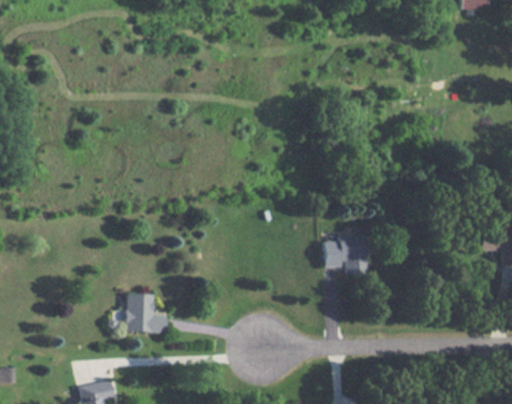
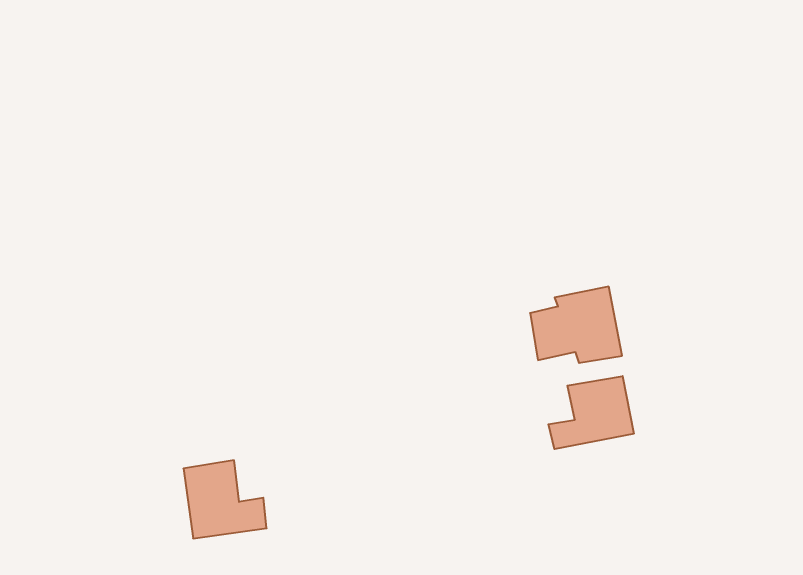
building: none -> [548,376,634,449]

